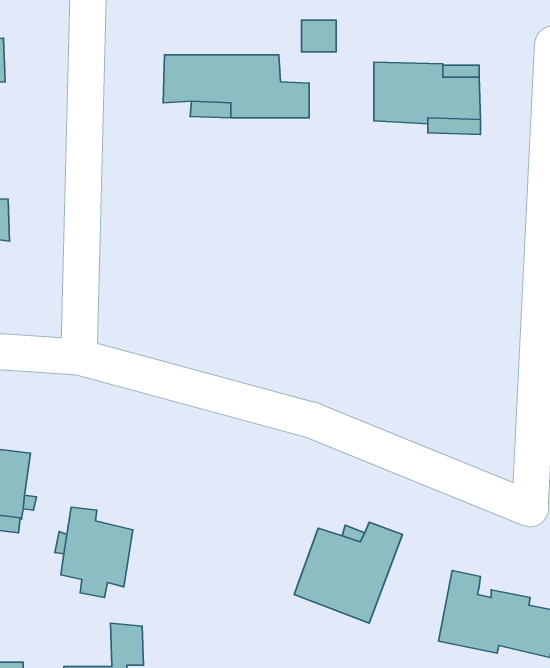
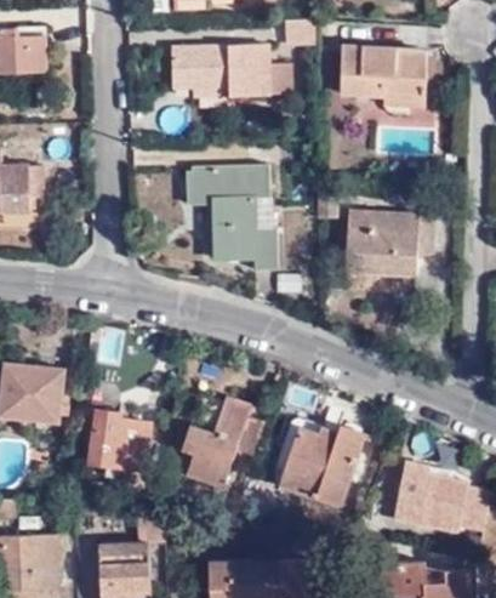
building: none -> [186,165,272,268]
building: none -> [350,213,440,277]
building: none -> [181,398,250,485]

